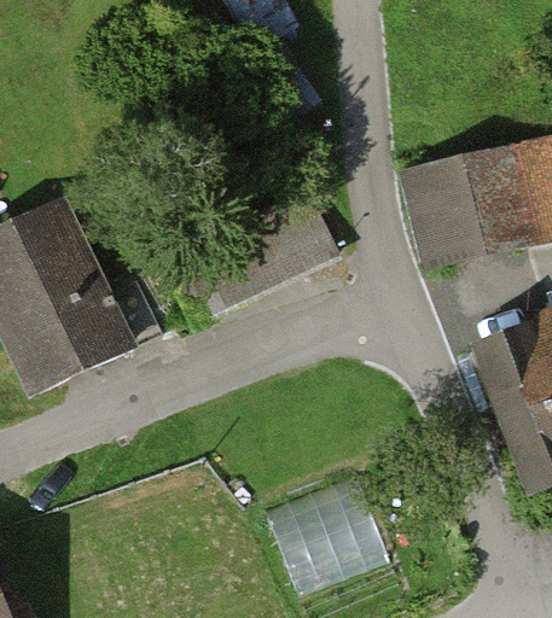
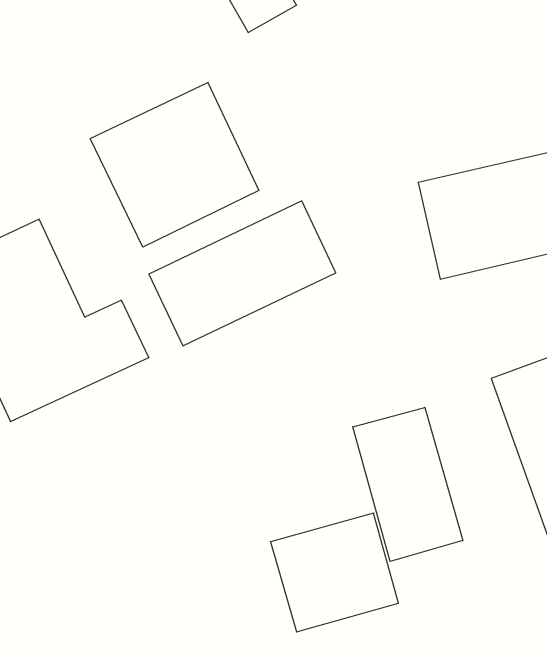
building: none -> [90,82,259,247]
building: none -> [353,407,463,561]

